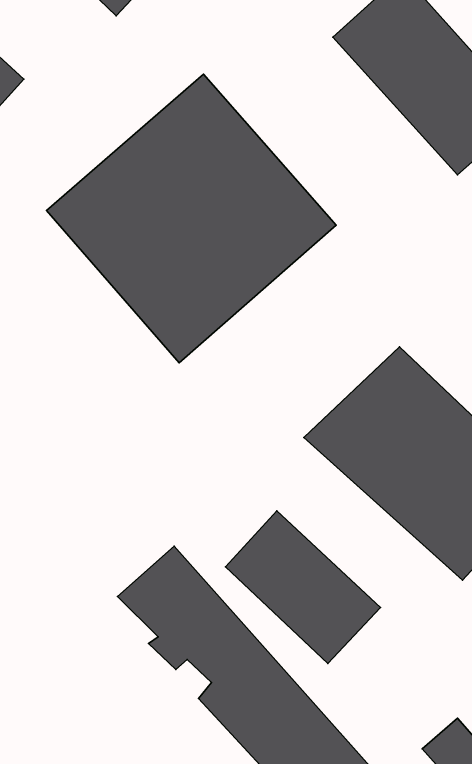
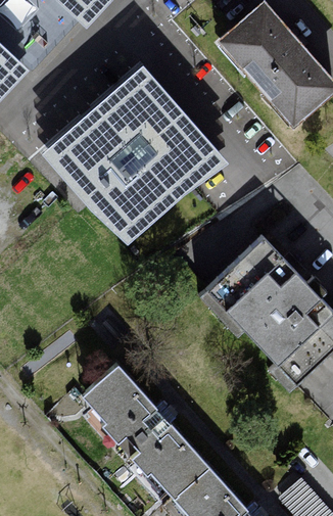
building: [226,511,380,663] -> none

